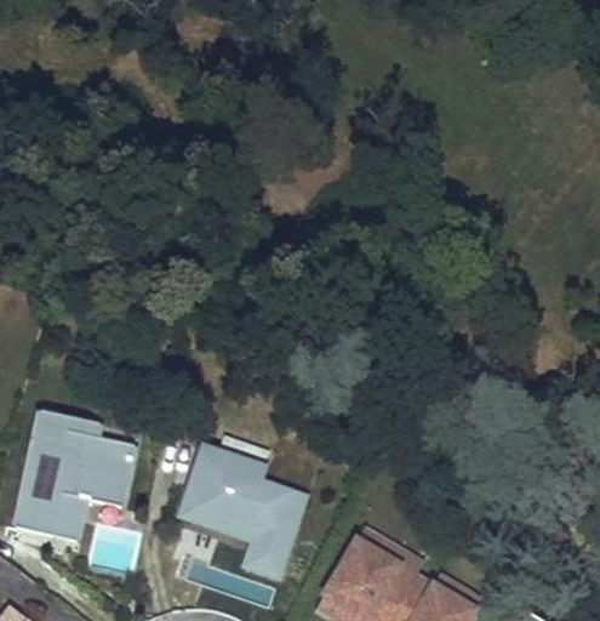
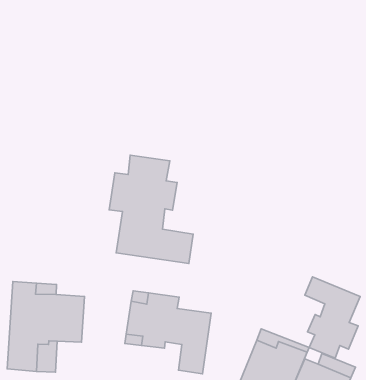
building: none -> [109,155,193,263]
building: none -> [305,277,360,358]

